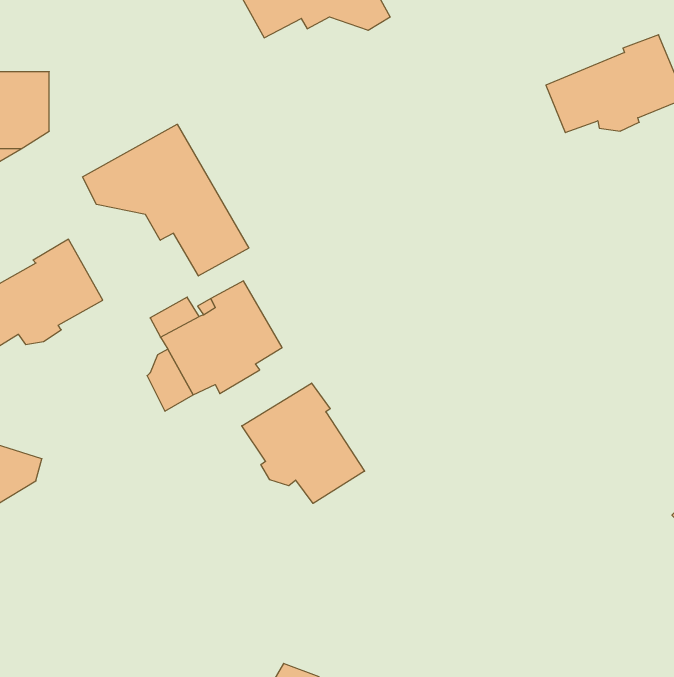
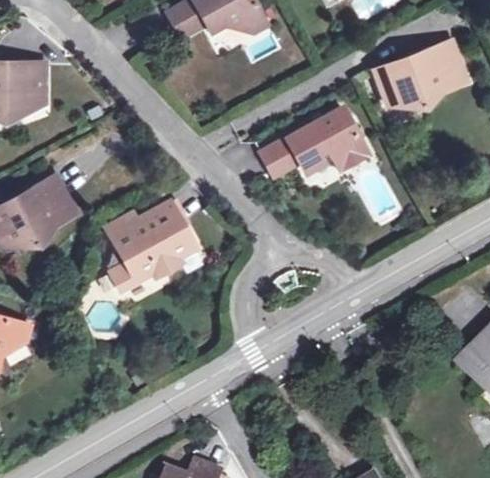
building: [83,124,249,276] -> none
building: none -> [260,108,368,177]
building: [242,383,365,503] -> none

